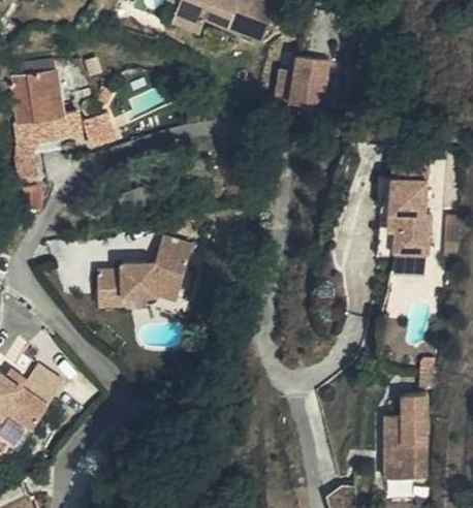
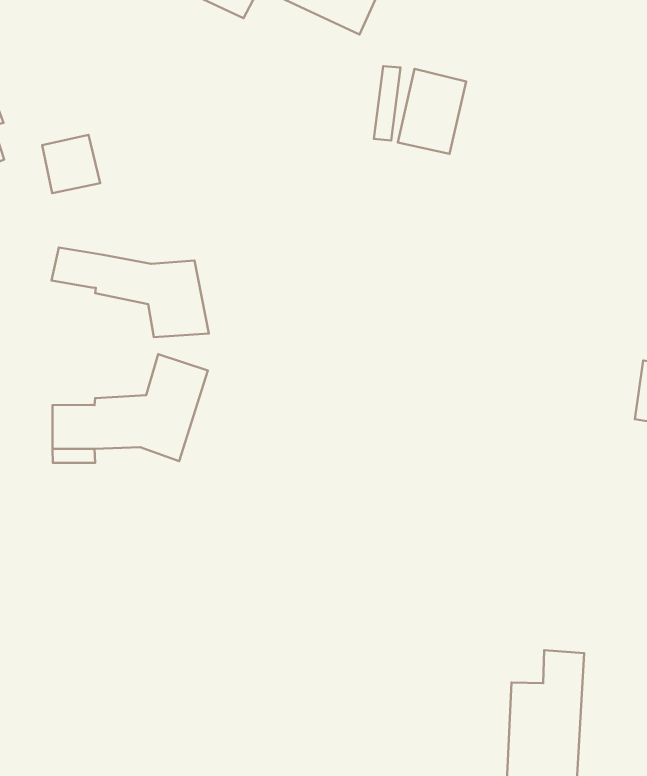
building: [379,156,434,252] -> none
building: none -> [51,248,209,337]

